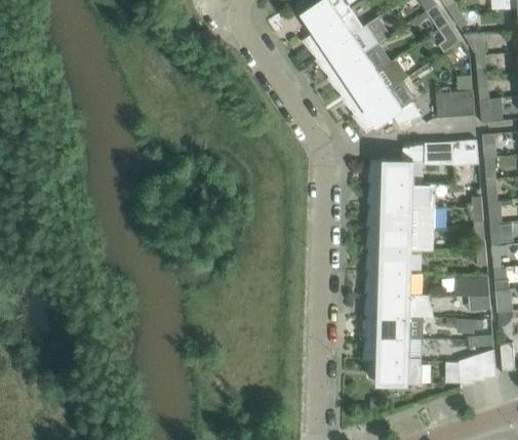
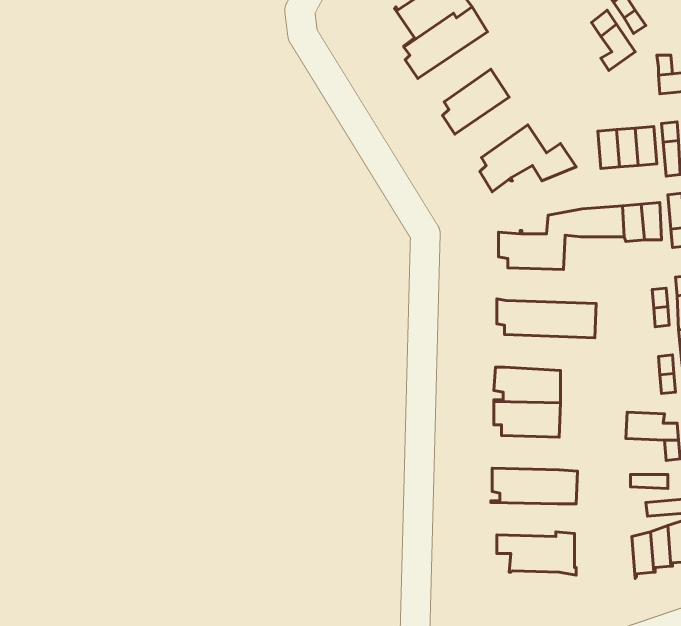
building: [321,25,378,77] -> none
building: [346,57,408,114] -> none
building: [369,182,436,206] -> none
building: [368,226,434,250] -> none
building: [366,292,431,317] -> none
building: [365,337,409,360] -> none

